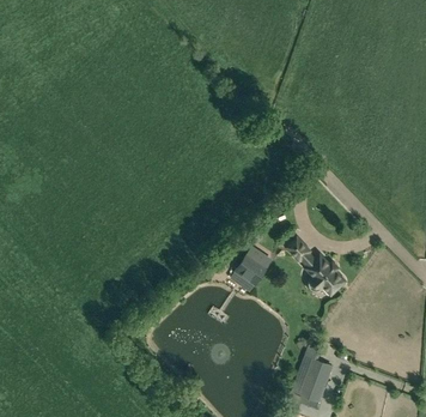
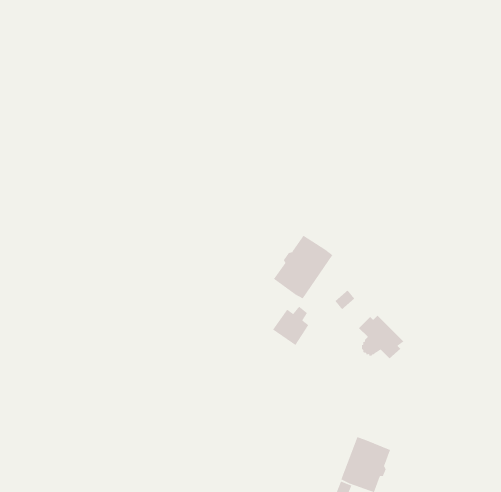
building: none -> [273,235,333,299]

